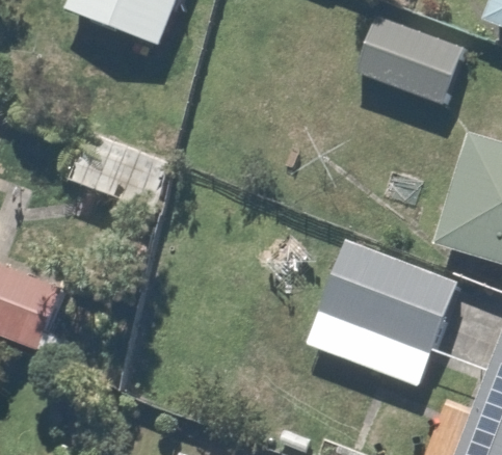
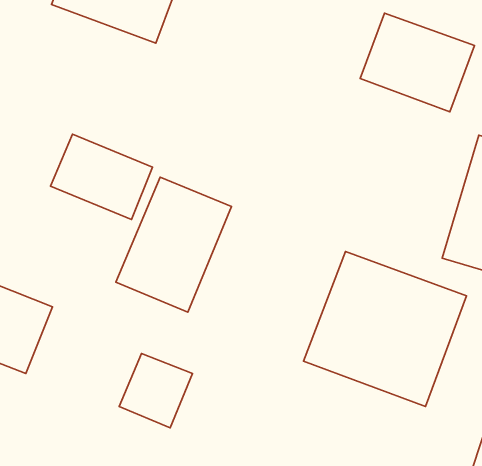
building: none -> [116,177,231,312]

